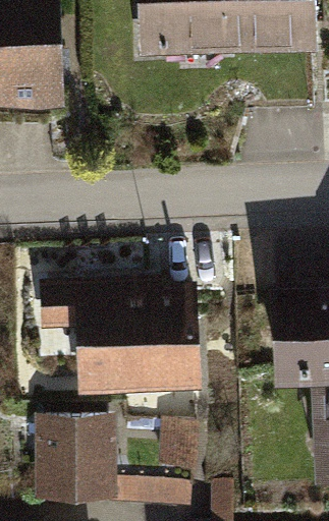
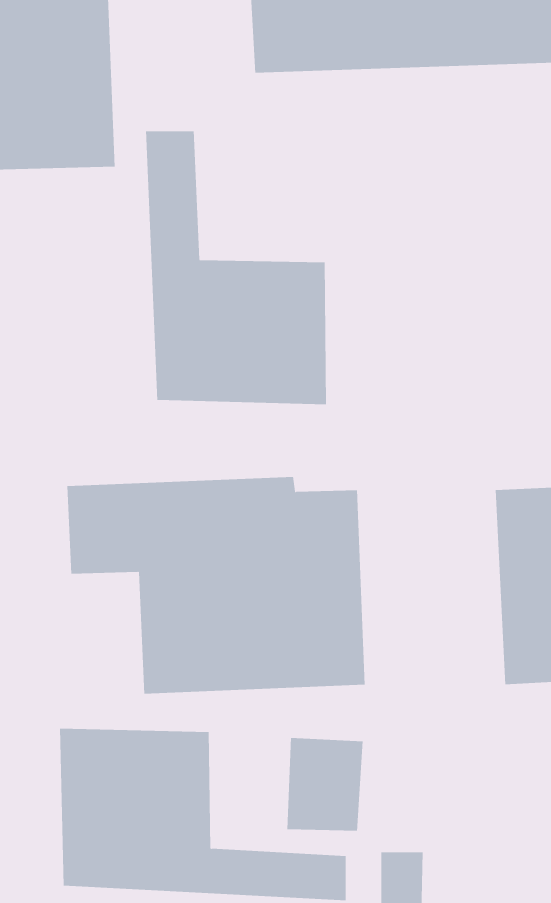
building: none -> [146,130,326,405]

